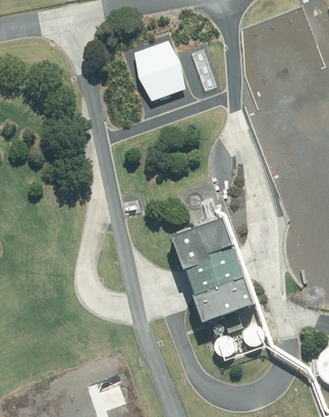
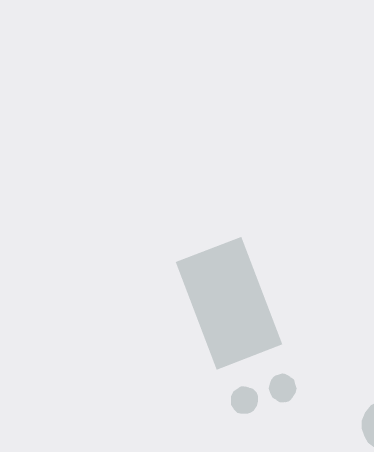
building: [130,42,180,101] -> none

